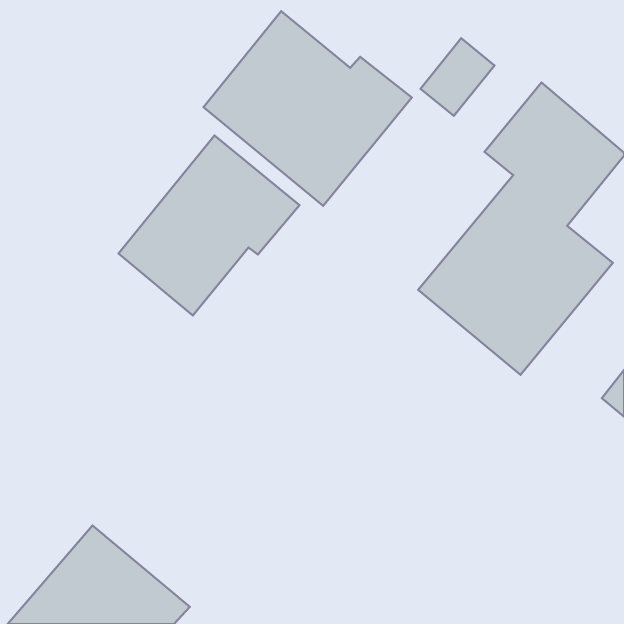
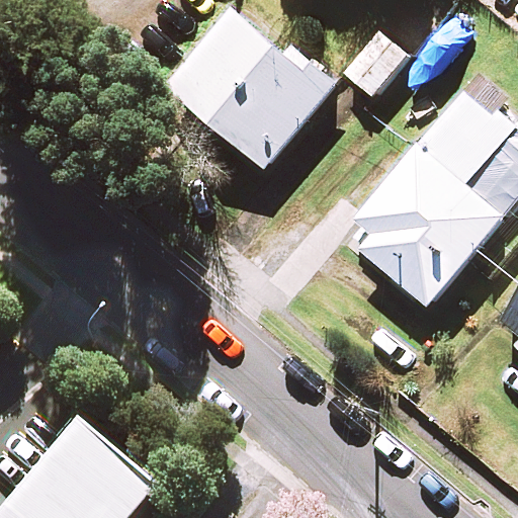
building: [118,136,299,315] -> none

